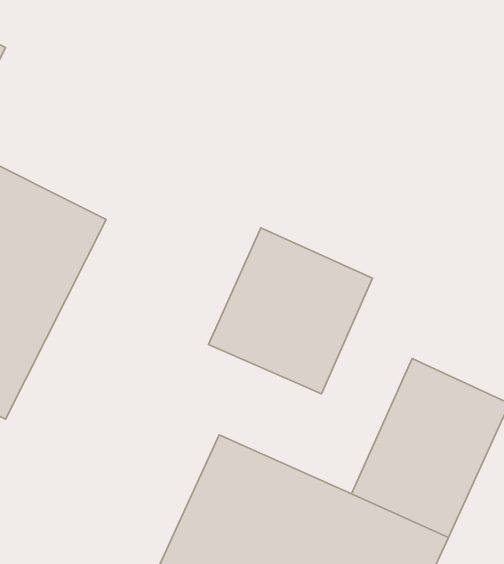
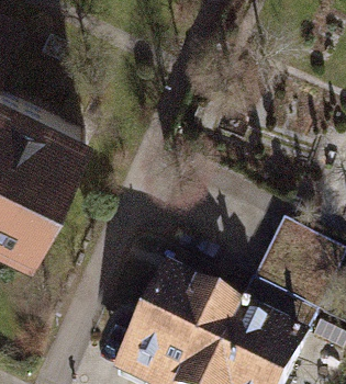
building: [208,228,373,394] -> none

